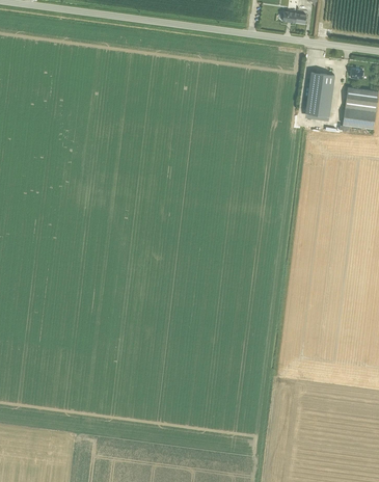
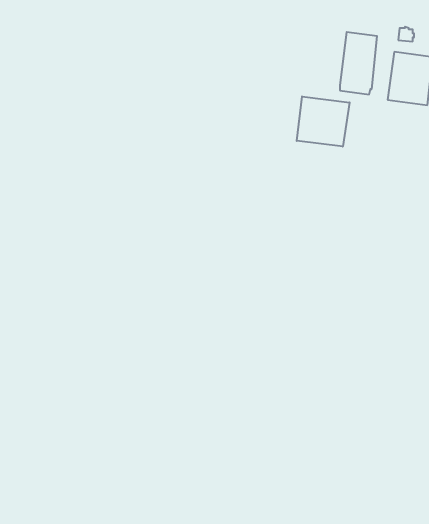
building: none -> [297,96,350,147]

